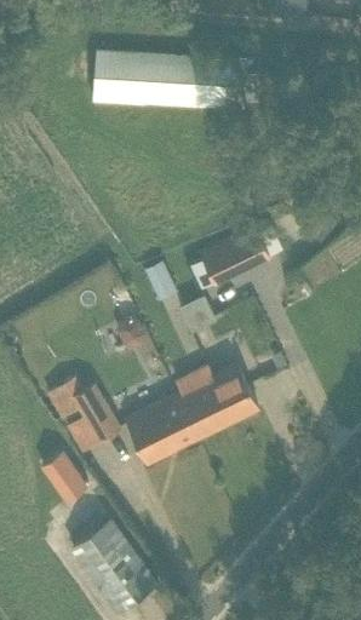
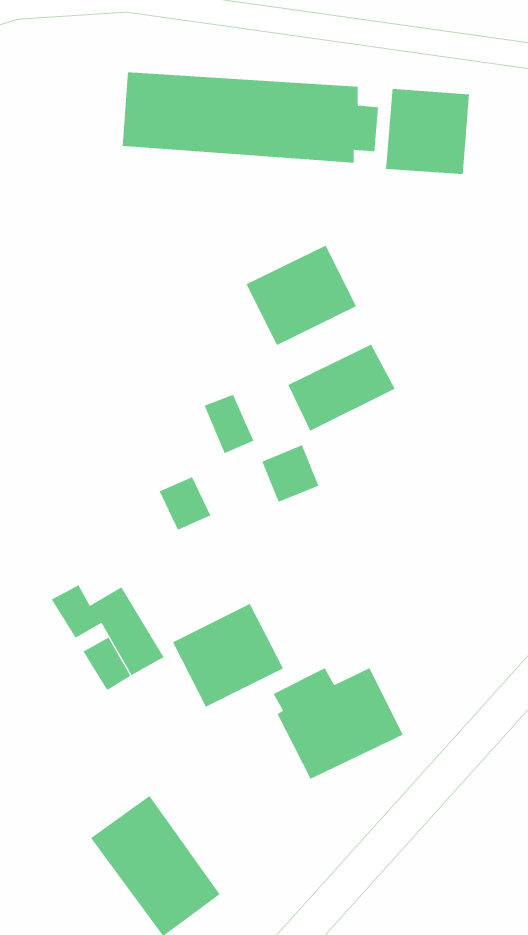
building: none -> [386,88,470,175]
building: none -> [246,245,357,346]
building: [174,366,259,438] -> [273,668,403,779]
building: [42,453,87,503] -> none

